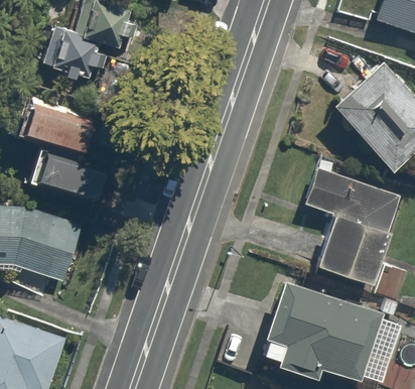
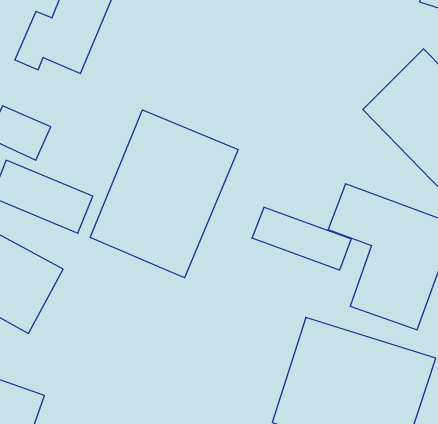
building: none -> [90,110,238,278]
building: none -> [252,207,351,270]

